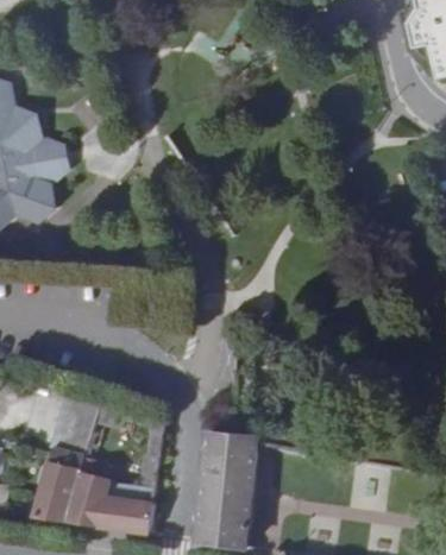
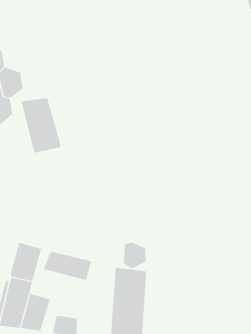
building: none -> [21,97,61,154]
building: none -> [123,241,146,269]
building: none -> [43,251,92,281]

